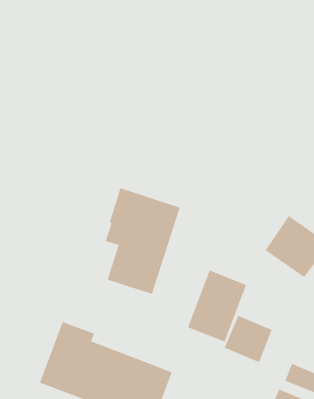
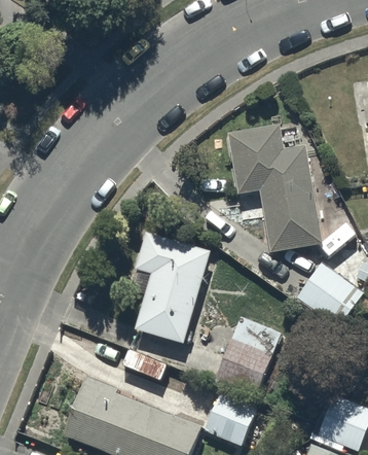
building: none -> [230,124,324,251]
building: [224,315,272,363] -> [206,392,256,442]

